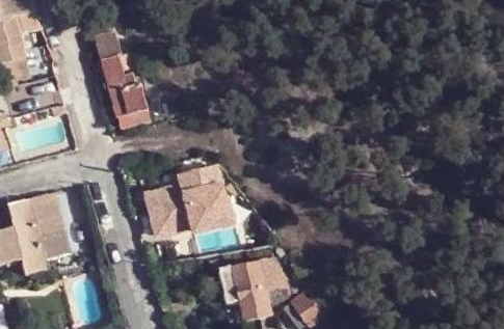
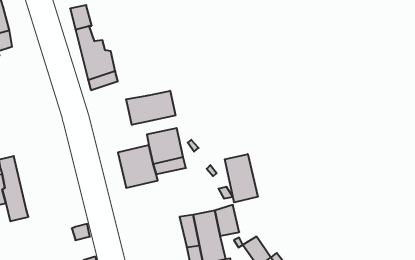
building: none -> [126,91,175,125]
building: [28,193,69,262] -> none
building: none -> [225,154,258,202]

